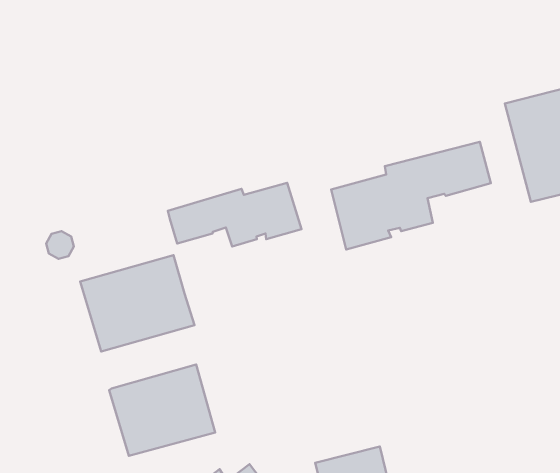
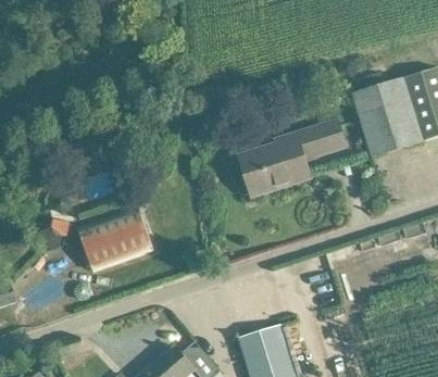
building: [168,183,301,247] -> none
building: [109,365,215,456] -> none

